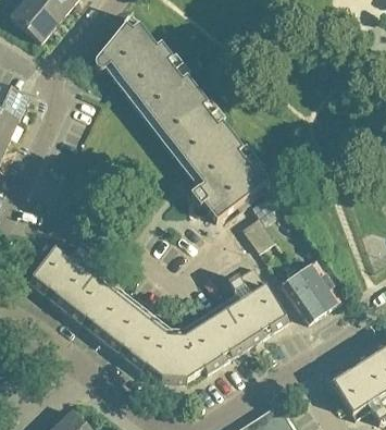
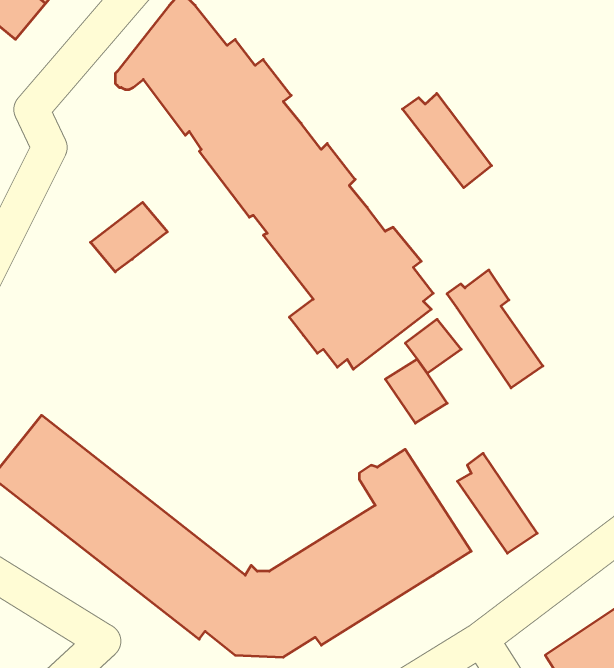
building: none -> [402,93,492,188]
building: none -> [90,202,167,272]
building: [289,248,341,312] -> [447,270,543,388]

